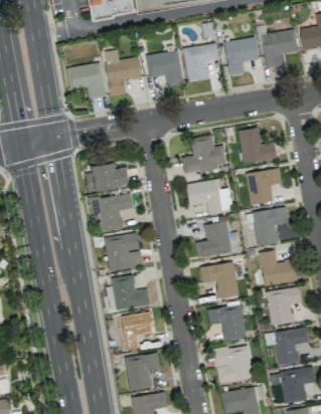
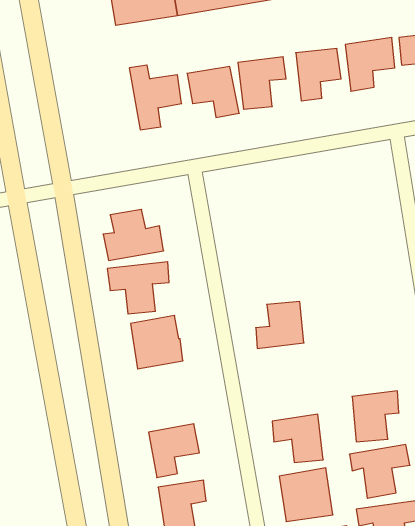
building: [66,62,106,98] -> none
building: [238,127,277,164] -> none
building: [182,135,225,173] -> none
building: [246,168,282,204] -> none
building: [186,179,232,213] -> none
building: [252,206,289,247] -> none
building: [260,250,298,285] -> none
building: [200,261,238,297] -> none
building: [112,275,150,309] -> none

